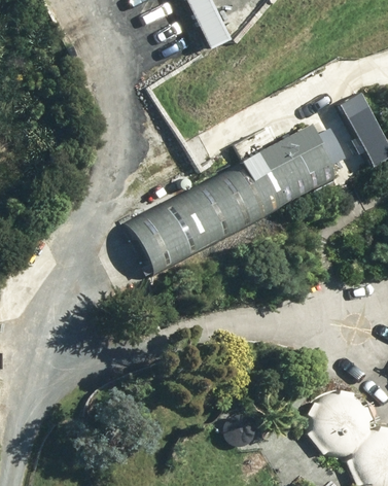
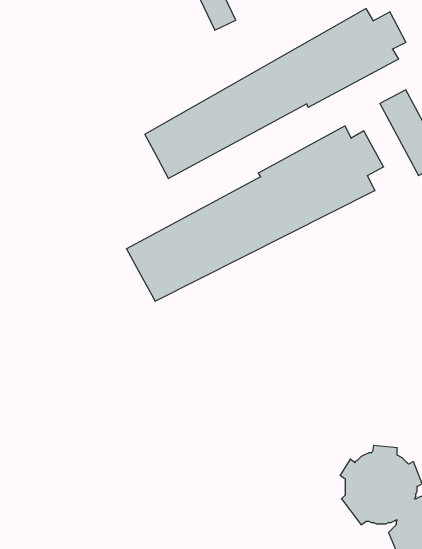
building: none -> [145,9,406,179]

